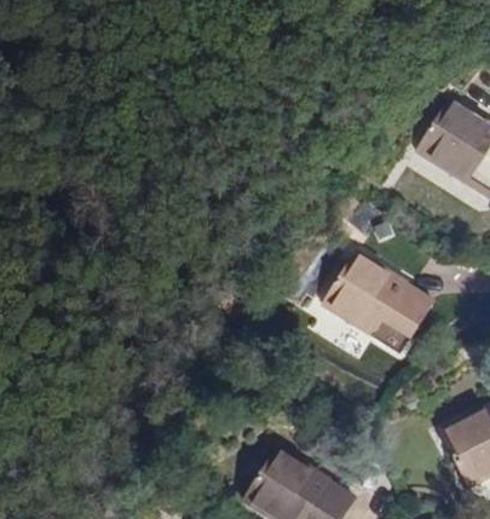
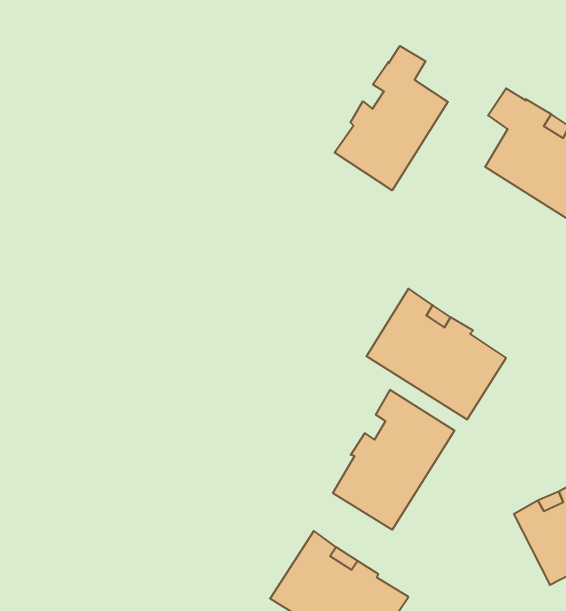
building: none -> [335,46,448,190]
building: none -> [333,390,454,530]

